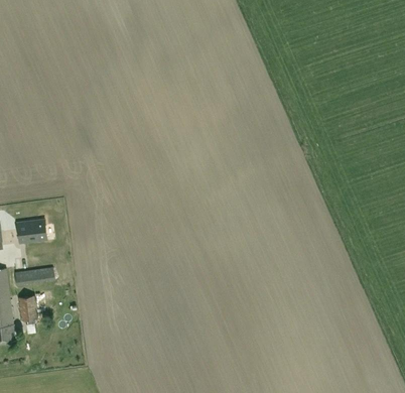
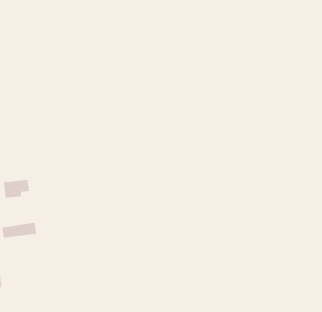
building: [17,296,38,320] -> none

